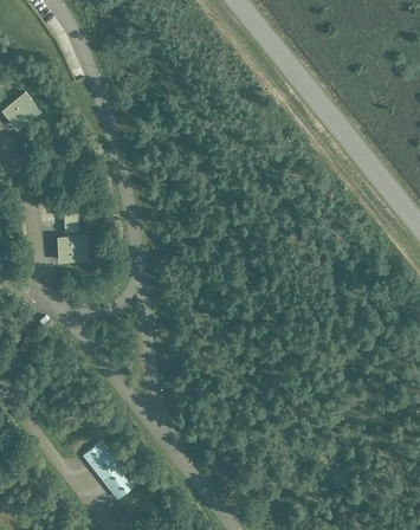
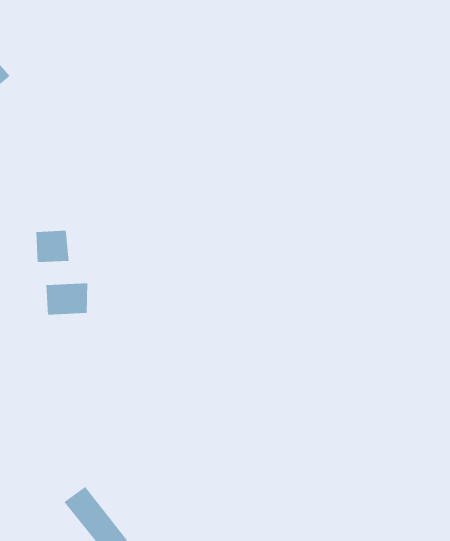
building: none -> [46,282,88,316]

